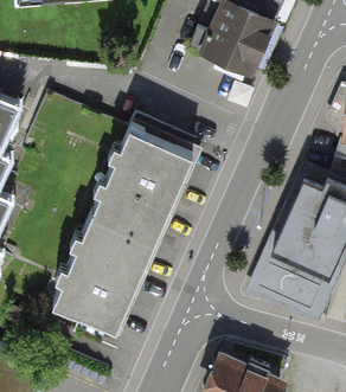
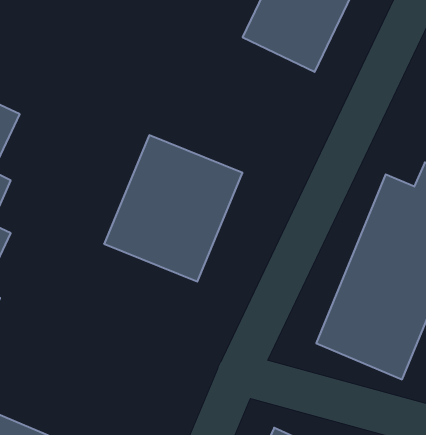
building: [49,210,158,324] -> none

